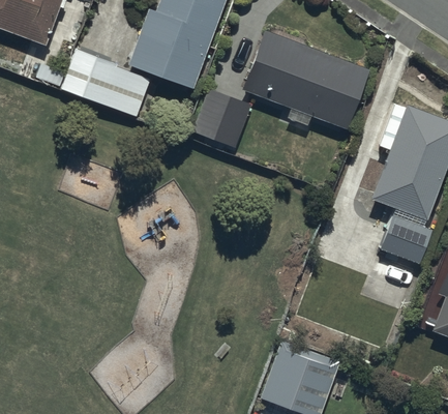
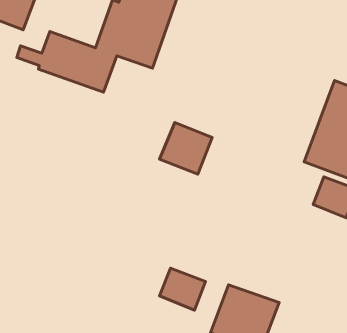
building: [242,31,370,130] -> none
building: [191,88,252,148] -> [160,122,212,174]
building: none -> [160,268,205,310]

